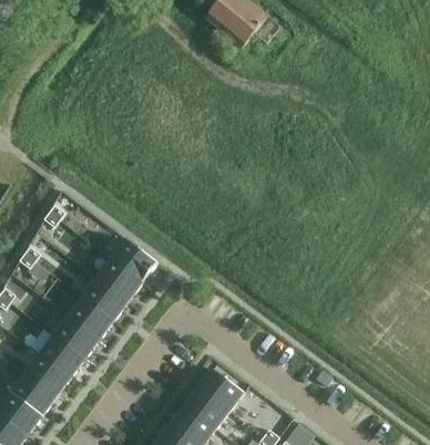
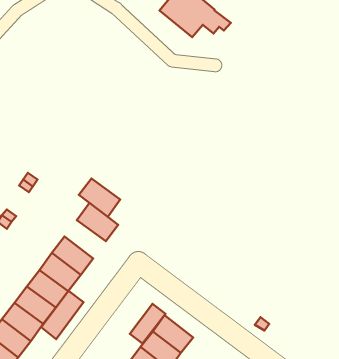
building: [94,258,142,302] -> [79,178,120,217]
building: none -> [41,291,83,339]
building: none -> [130,304,166,344]

